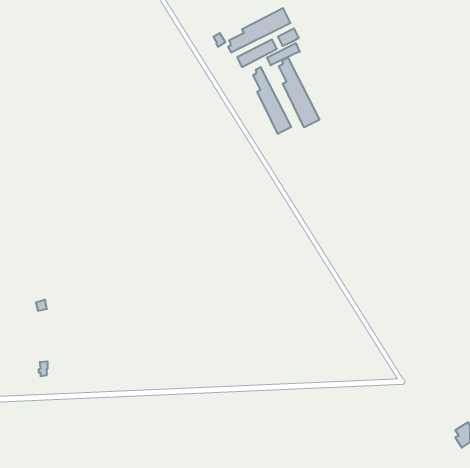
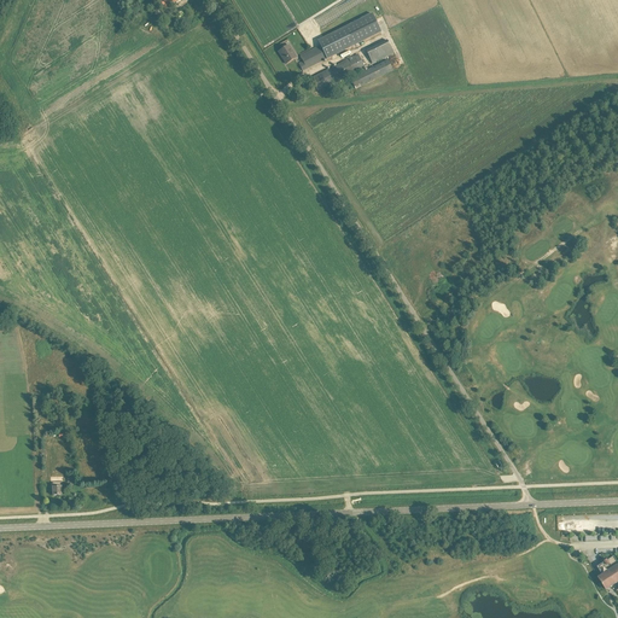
building: [279,57,319,127] -> none
building: [253,67,291,134] -> none

